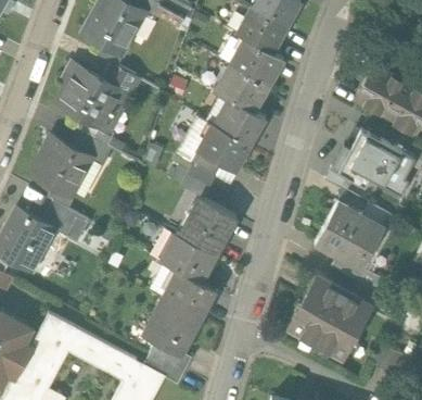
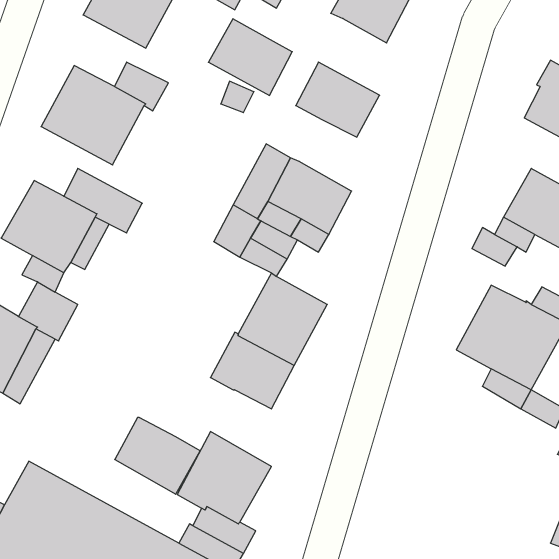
building: [230,36,282,84] -> [208,19,292,95]
building: [218,99,266,143] -> none
building: [163,267,216,315] -> [115,418,200,494]
building: [287,273,373,357] -> none

